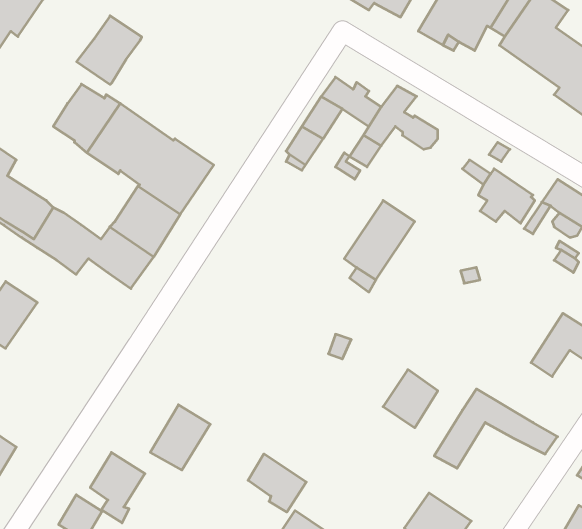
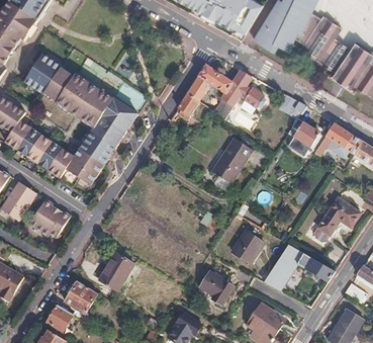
building: [77,16,142,84] -> [24,55,62,94]
building: none -> [28,199,69,239]
building: [248,454,306,512] -> [199,272,232,306]

